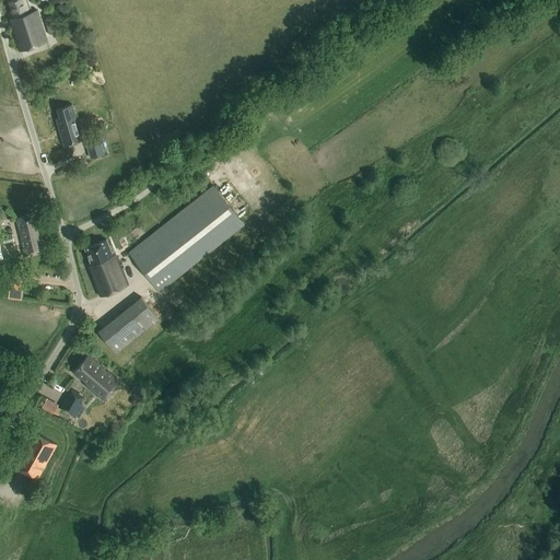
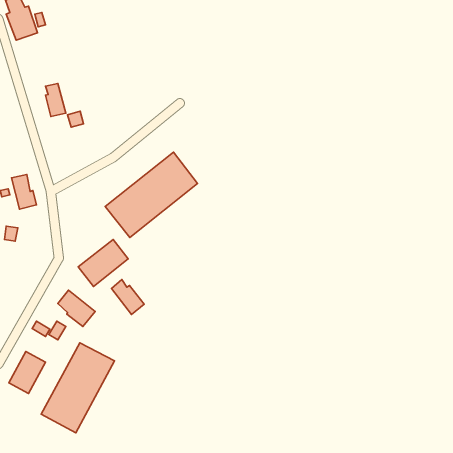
building: [84,238,128,296] -> none
building: none -> [112,280,144,314]
building: none -> [41,343,115,433]

